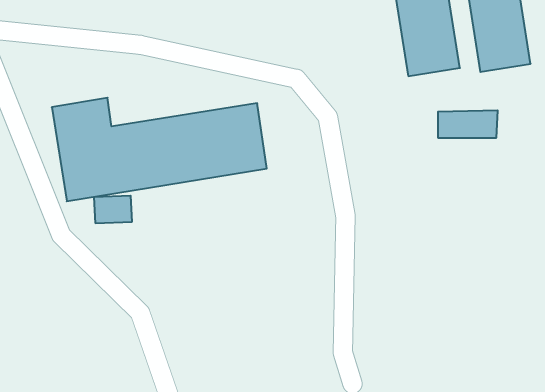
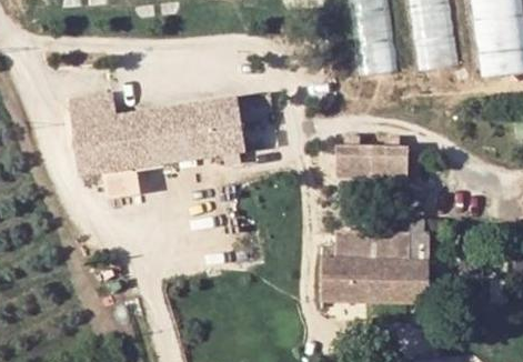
building: [438,110,498,138] -> [351,150,400,172]
building: none -> [321,211,430,314]

